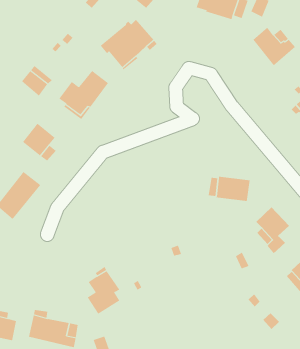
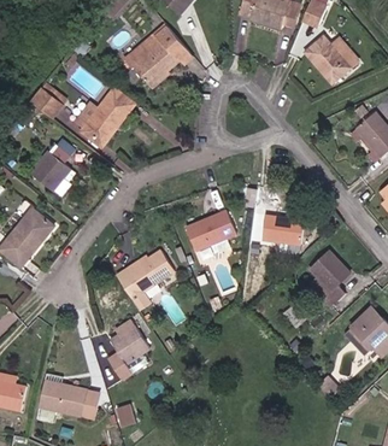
building: none -> [187,211,236,253]
building: none -> [117,251,175,311]

